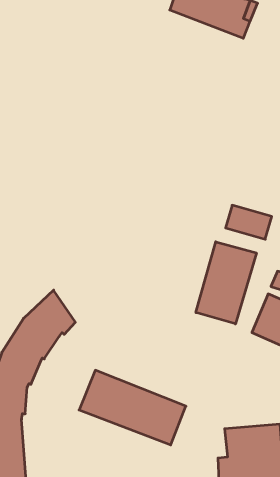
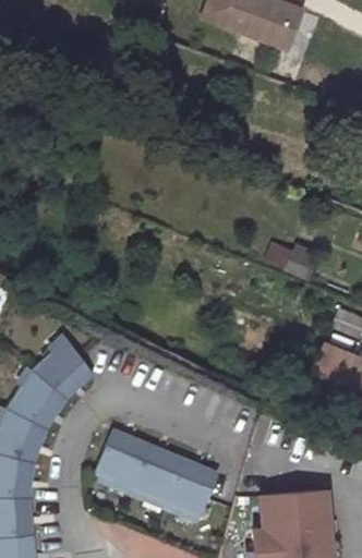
building: [196,242,256,324] -> none

